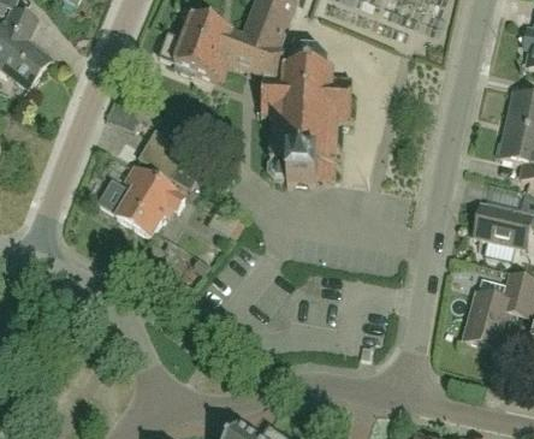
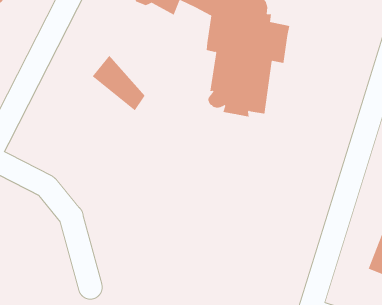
building: [99,166,184,237] -> none

